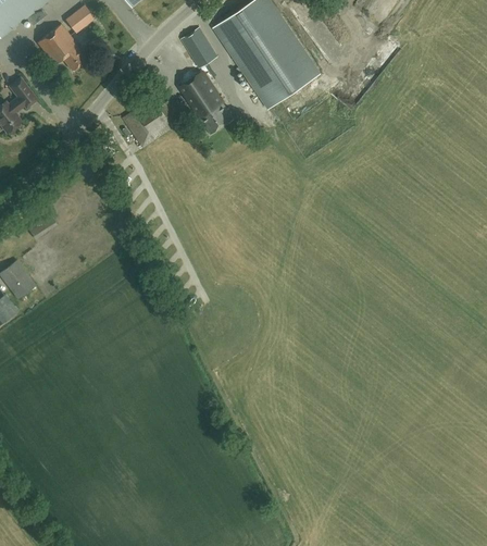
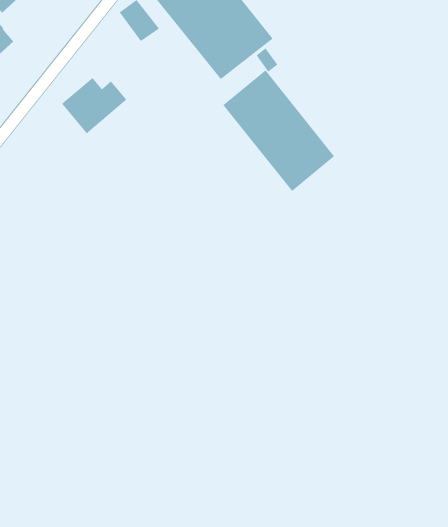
building: [178,71,233,134] -> none
building: none -> [222,70,335,192]

